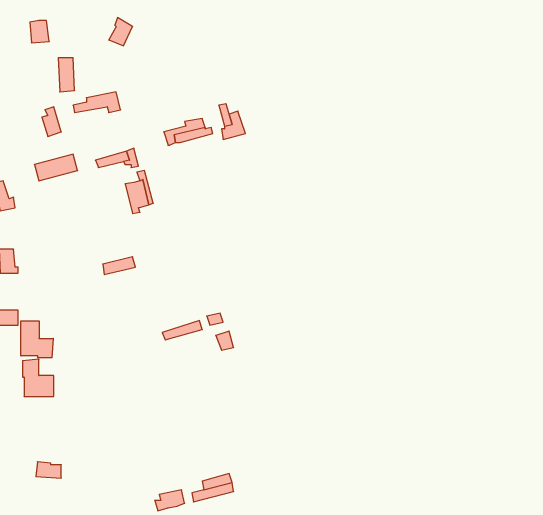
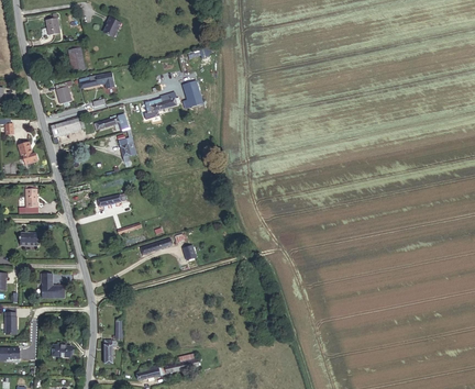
building: [21,321,53,358] -> none

